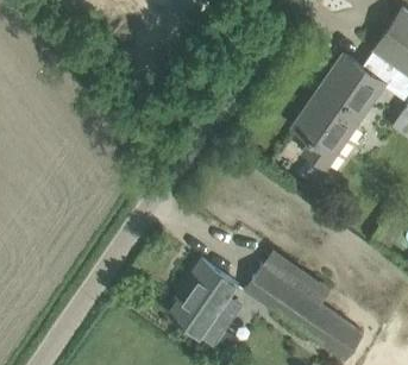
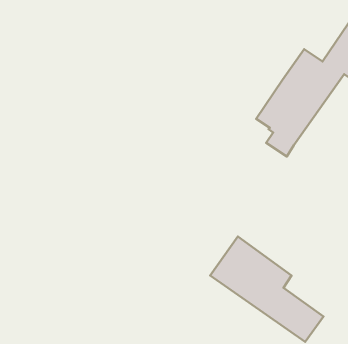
building: [170,259,239,344] -> none

